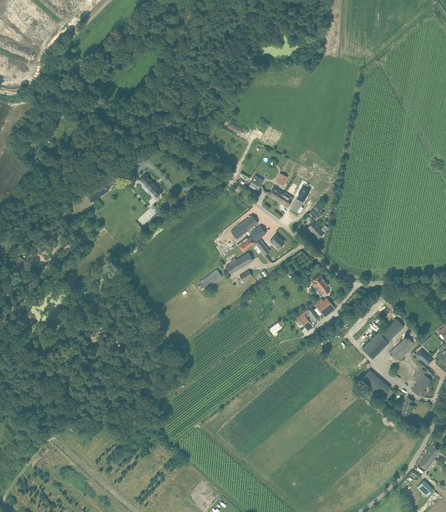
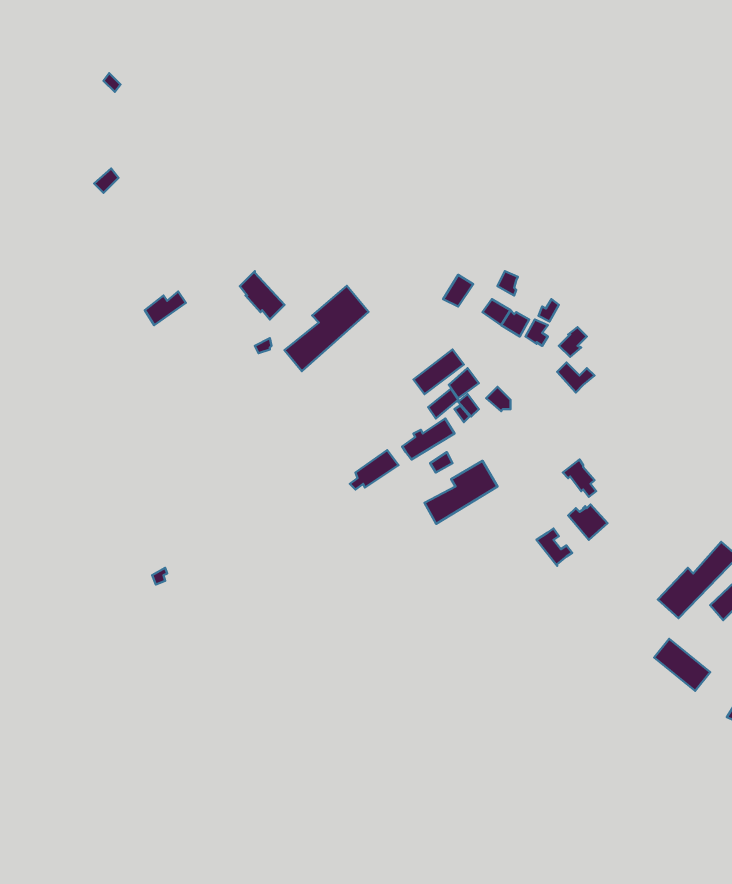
building: none -> [284,286,369,371]
building: none -> [424,461,497,524]

